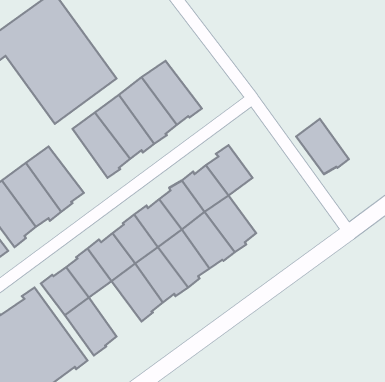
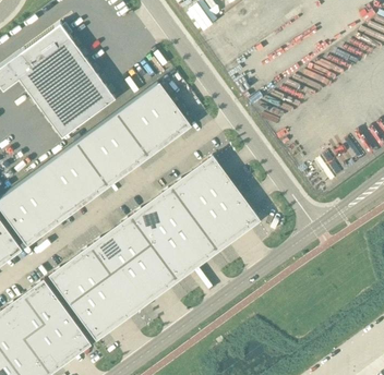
building: [296,119,349,174] -> [212,186,257,234]
building: none -> [56,144,107,199]
building: none -> [91,276,136,324]

